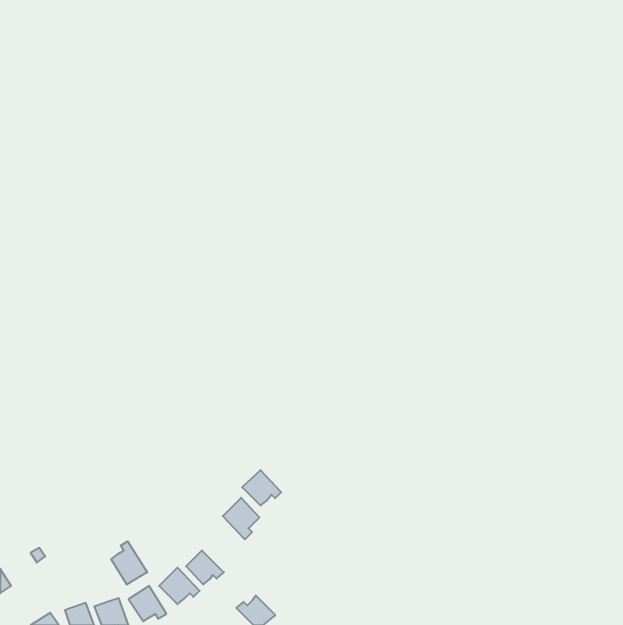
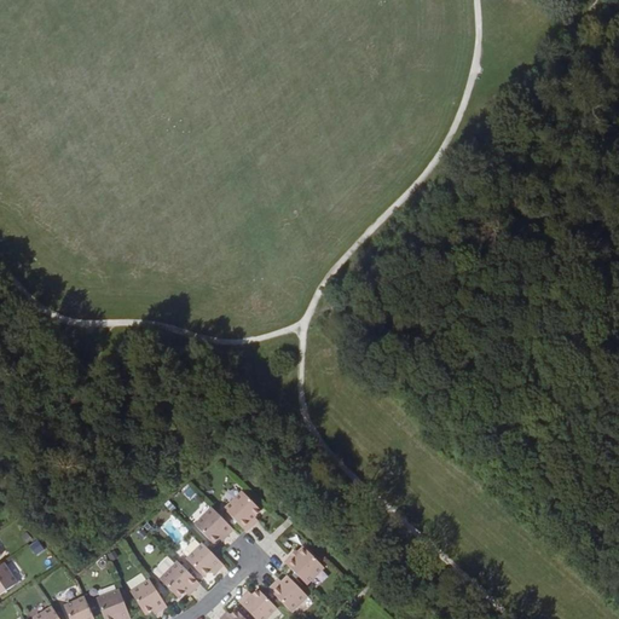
building: [242,470,281,506] -> [195,509,233,544]
building: [111,541,147,585] -> none
building: none -> [284,546,323,584]
building: none -> [266,577,305,612]

